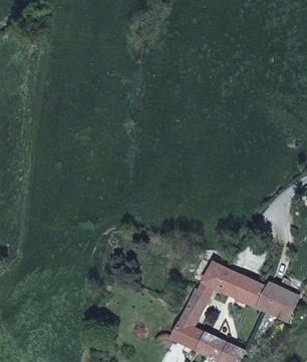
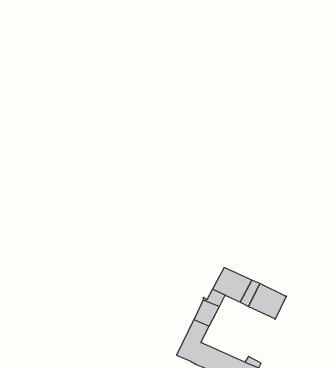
building: [257,282,296,319] -> none

